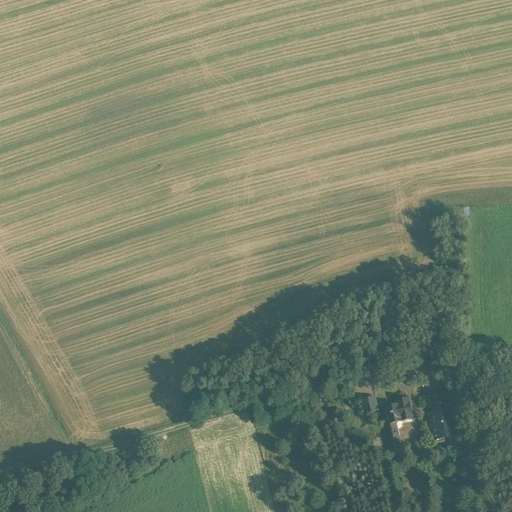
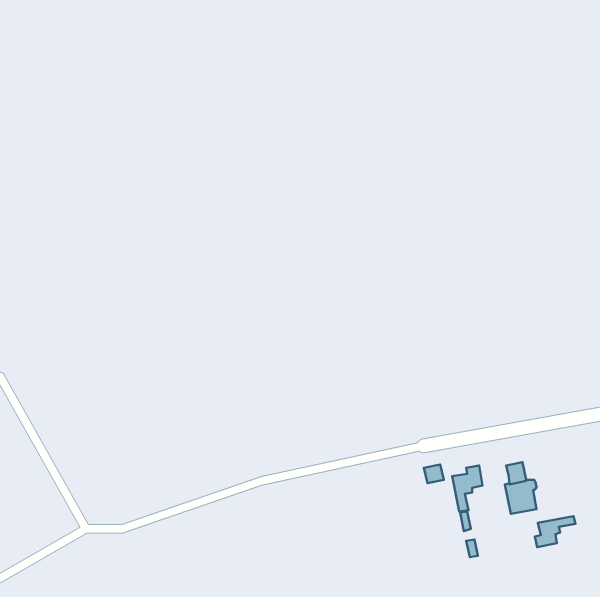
building: none -> [535,516,575,547]

